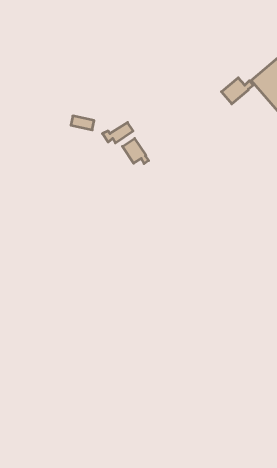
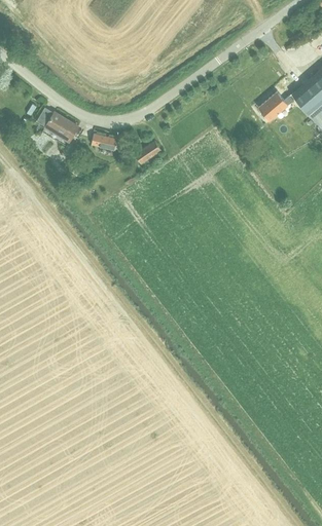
building: none -> [37,108,78,146]
building: [122,138,149,164] -> none

